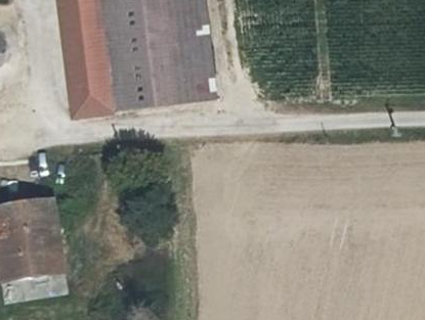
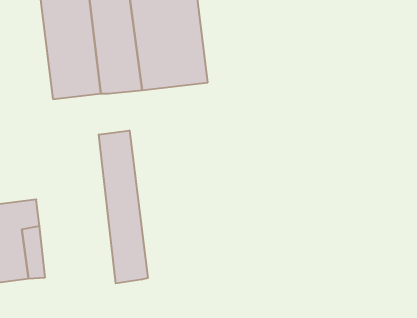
building: none -> [99,130,148,283]

